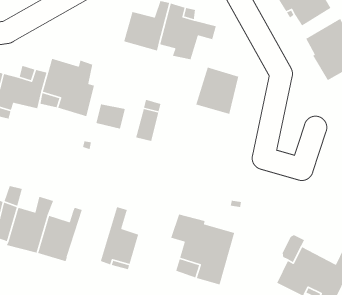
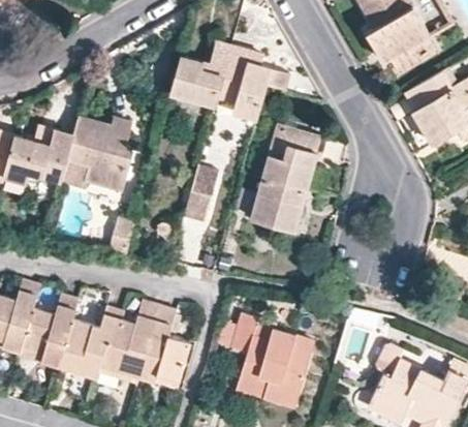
building: [96,103,126,130] -> none
building: none -> [250,176,306,231]
building: none -> [97,300,160,384]

